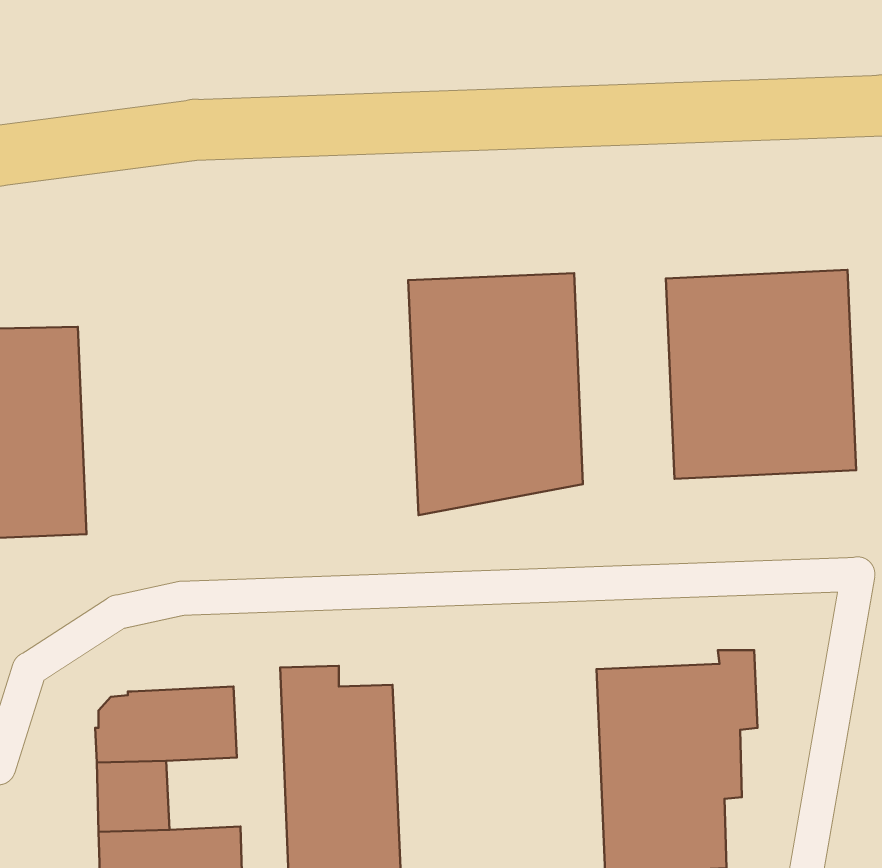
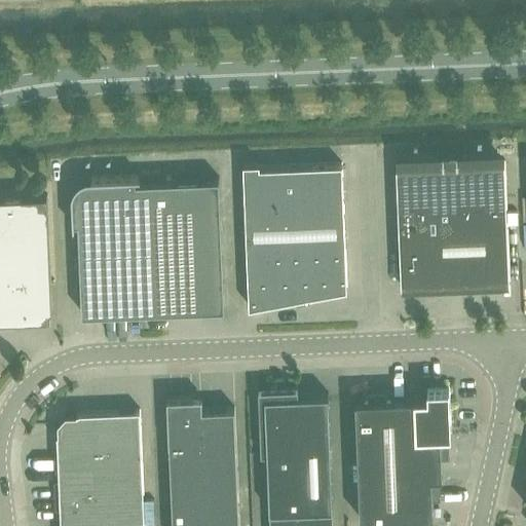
building: none -> [71,184,224,322]
building: none -> [258,396,333,519]
building: none -> [99,459,143,502]

